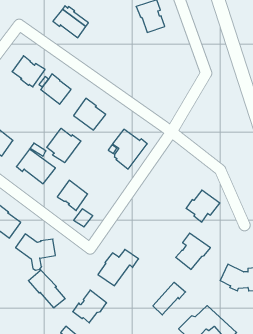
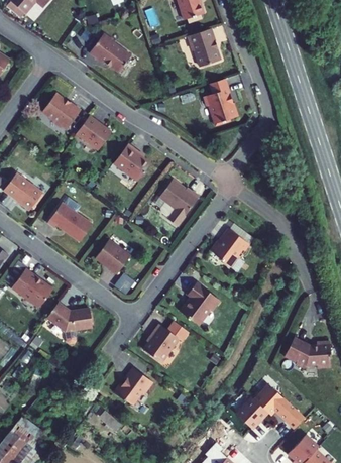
building: none -> [205,78,238,125]
building: [47,128,81,163] -> none
building: [186,190,220,222] -> [211,229,250,266]
building: [176,233,210,269] -> [180,282,220,325]
building: [28,270,65,308] -> none
building: [153,282,186,315] -> none

